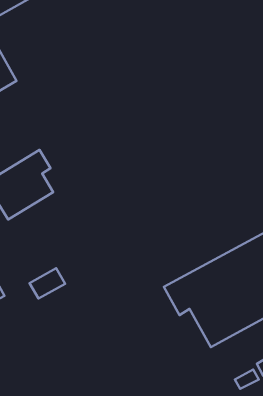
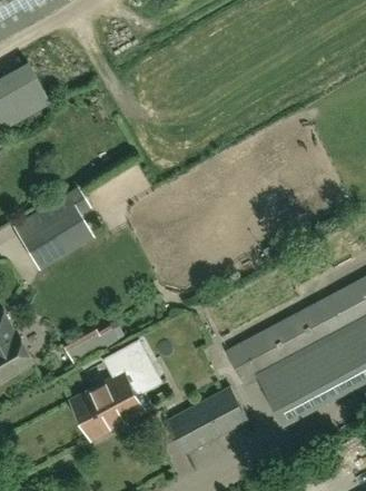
building: none -> [72,341,152,439]
building: none -> [167,387,248,455]

